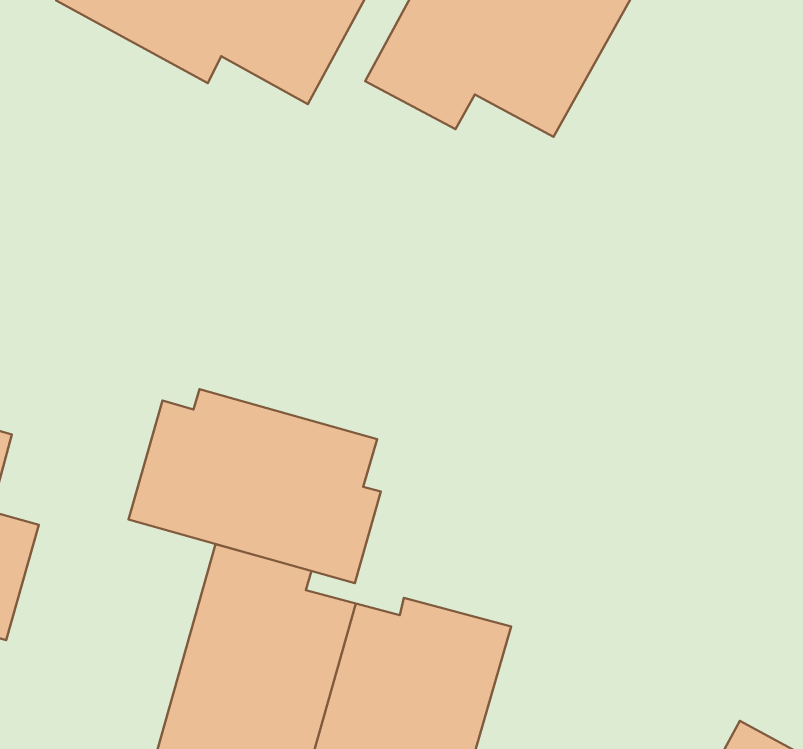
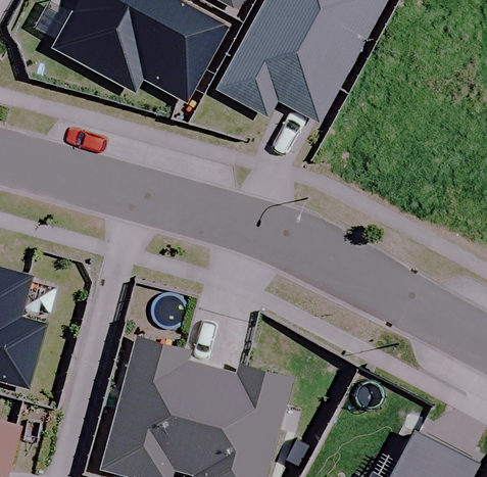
building: [129,389,381,583] -> none

